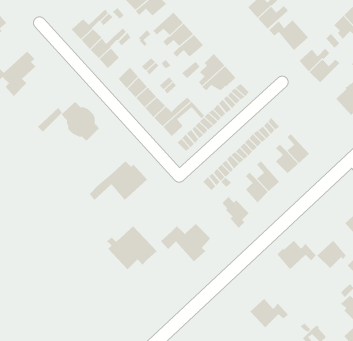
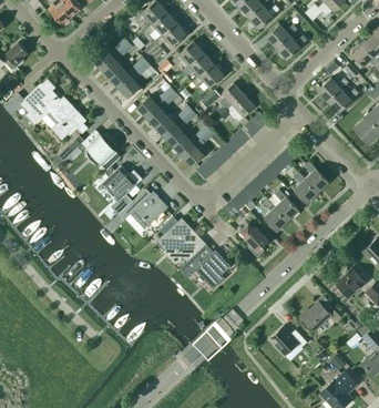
building: [268,19,309,51] -> none
building: none -> [43,96,88,142]
building: none -> [102,167,142,214]
building: [106,225,158,270] -> [155,220,206,264]
building: [276,240,317,270] -> [300,302,340,332]

